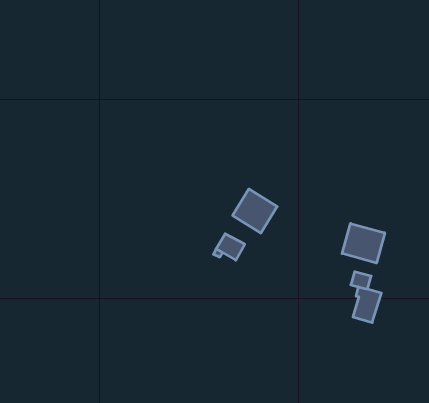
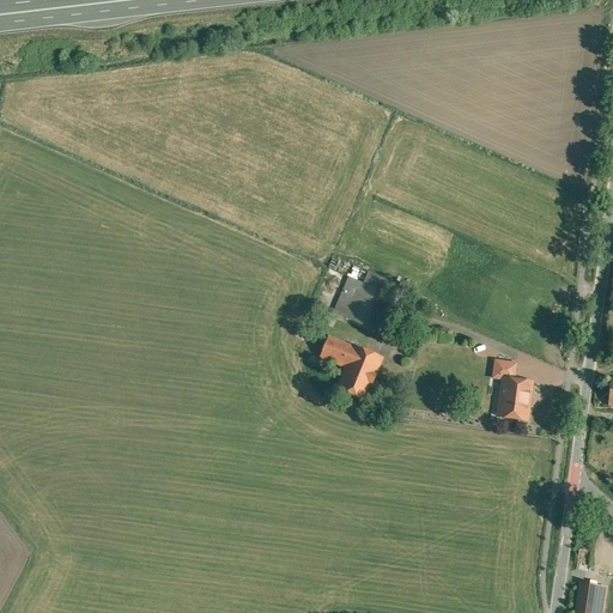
building: [342,223,385,263] -> none
building: none -> [336,345,381,400]

